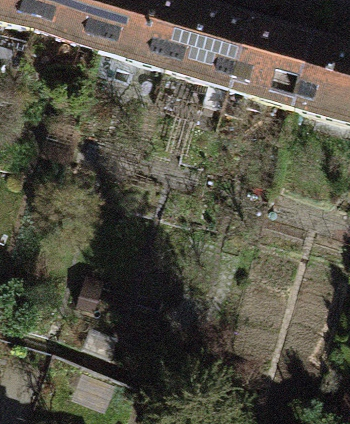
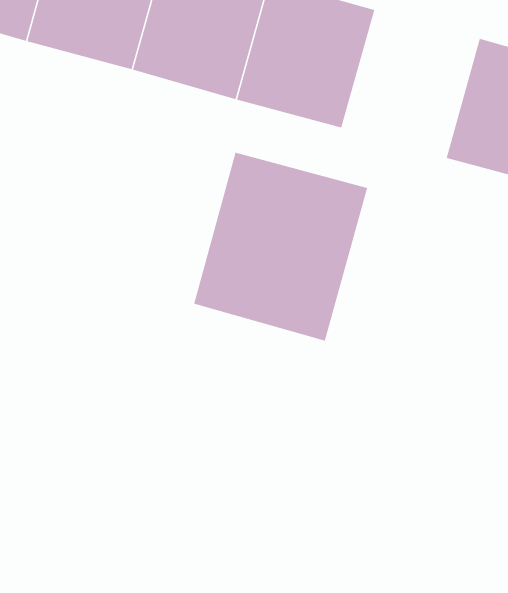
building: [233,16,320,110] -> none
building: none -> [194,152,368,342]

